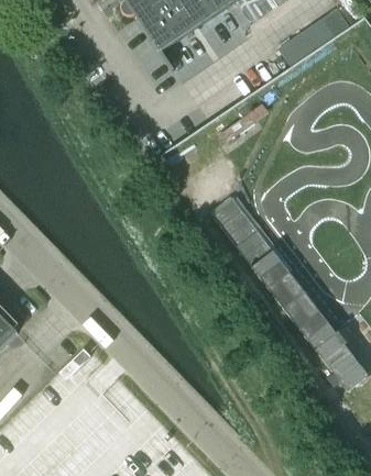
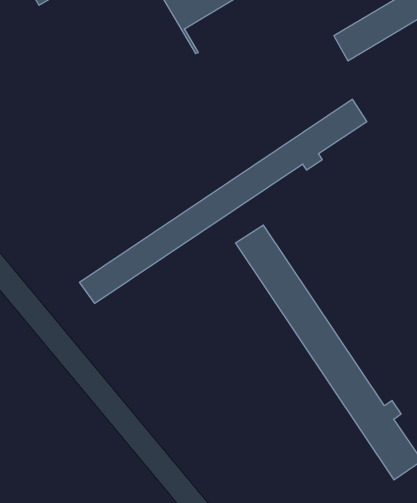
building: none -> [80,99,367,303]

